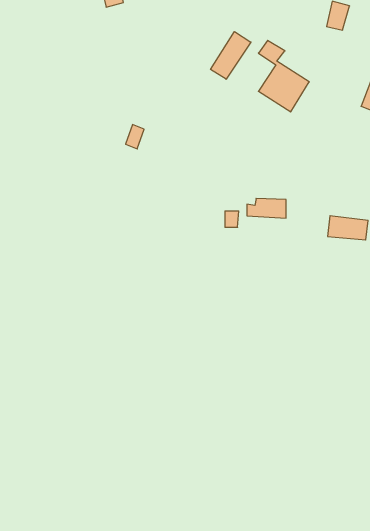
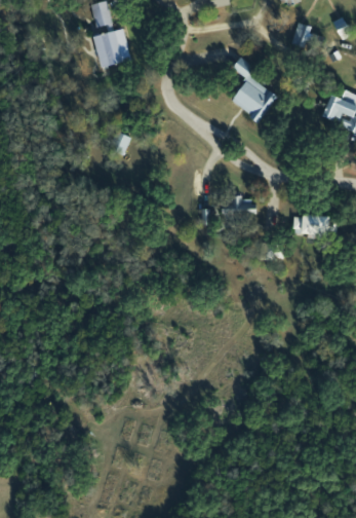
building: none -> [93,29,132,68]
building: [211,32,251,79] -> none

